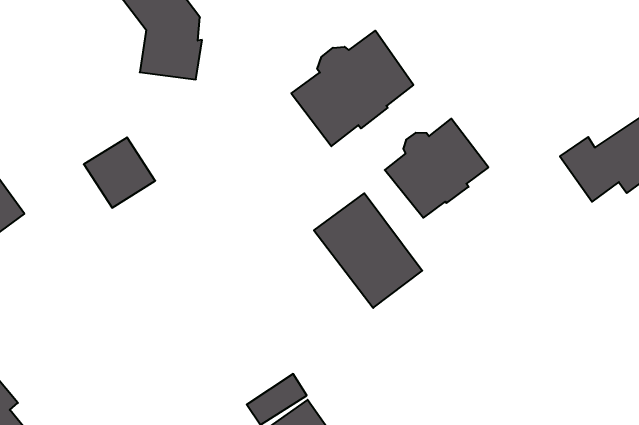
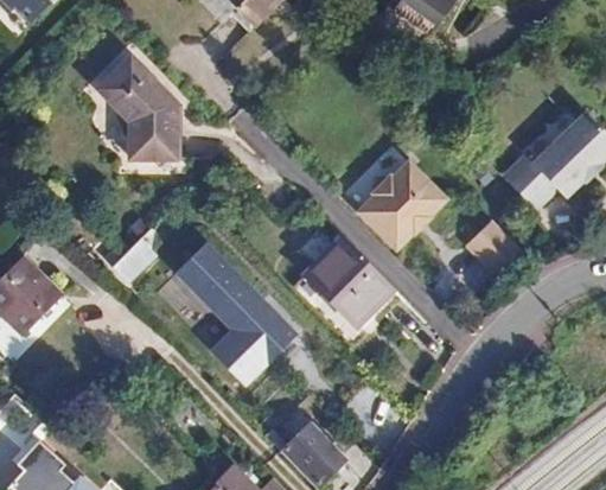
building: [291,31,413,146] -> none
building: none -> [179,236,307,388]
building: none -> [464,217,518,271]

